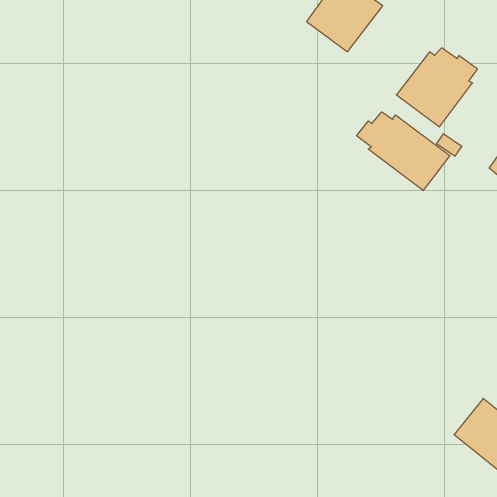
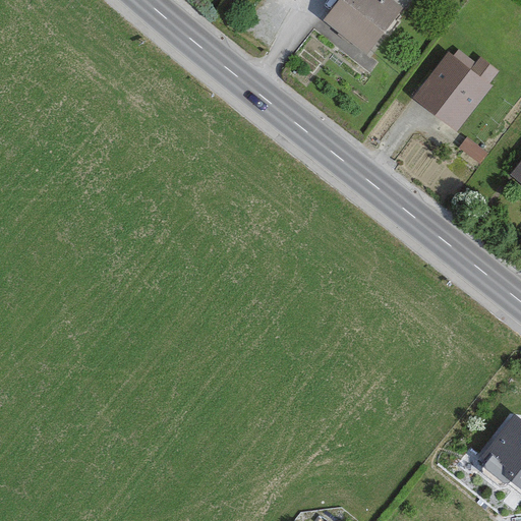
building: [357,112,450,191] -> none

